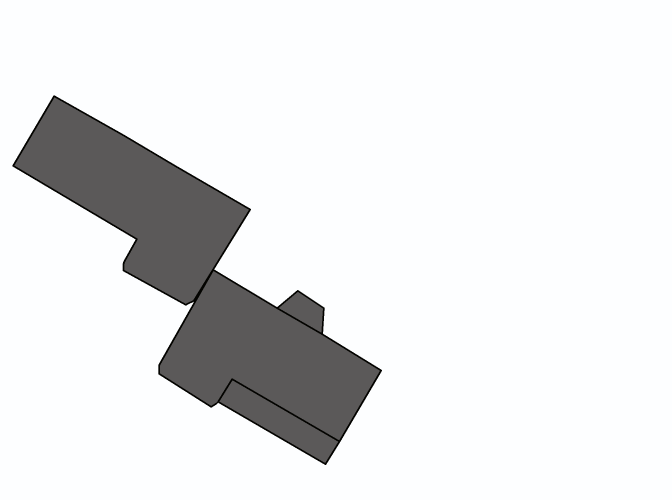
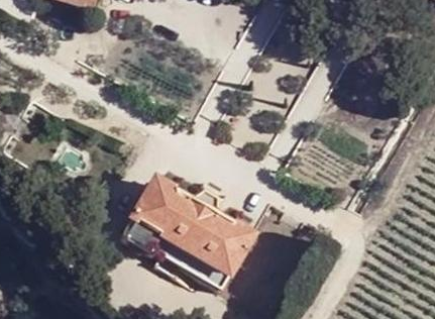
building: [13,96,250,305] -> none

